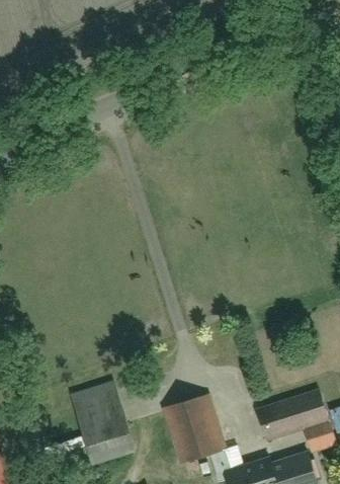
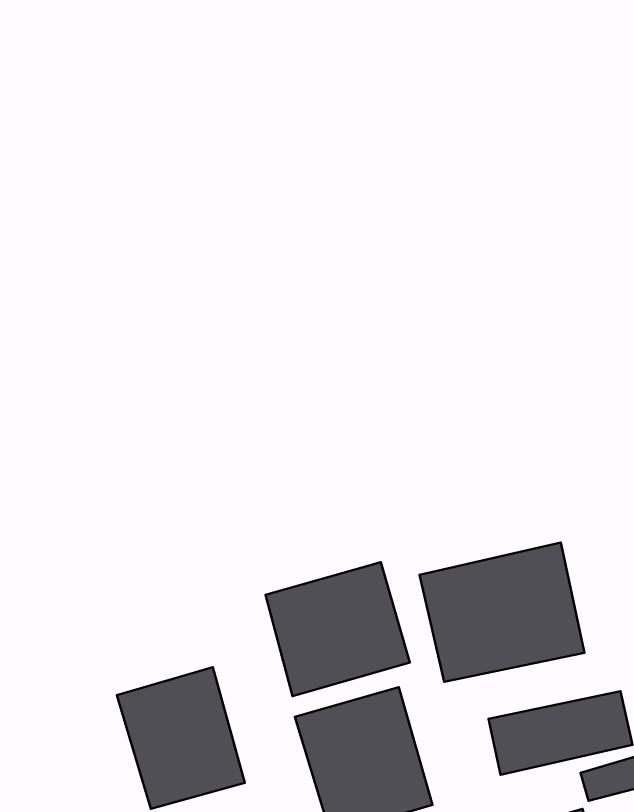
building: none -> [419,543,584,682]
building: none -> [265,562,410,696]

